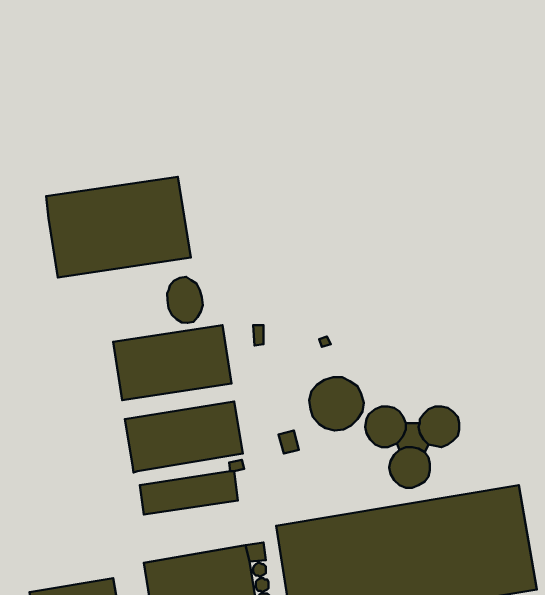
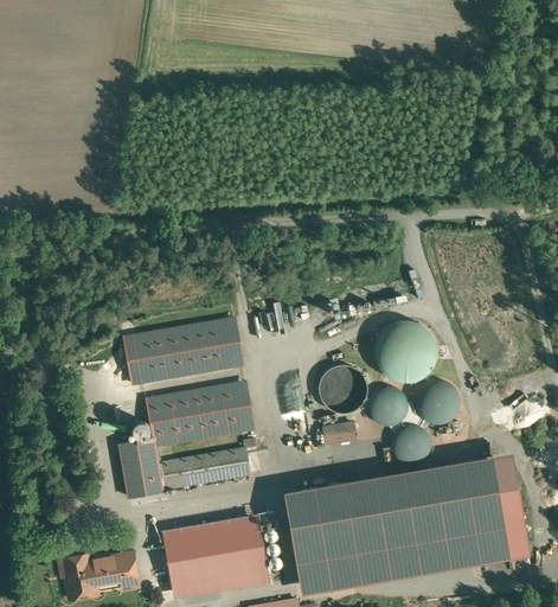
building: [46,177,191,278] -> none
building: [167,277,203,323] -> none
building: none -> [374,314,437,377]
building: none -> [321,421,355,445]
building: none -> [121,441,163,498]

